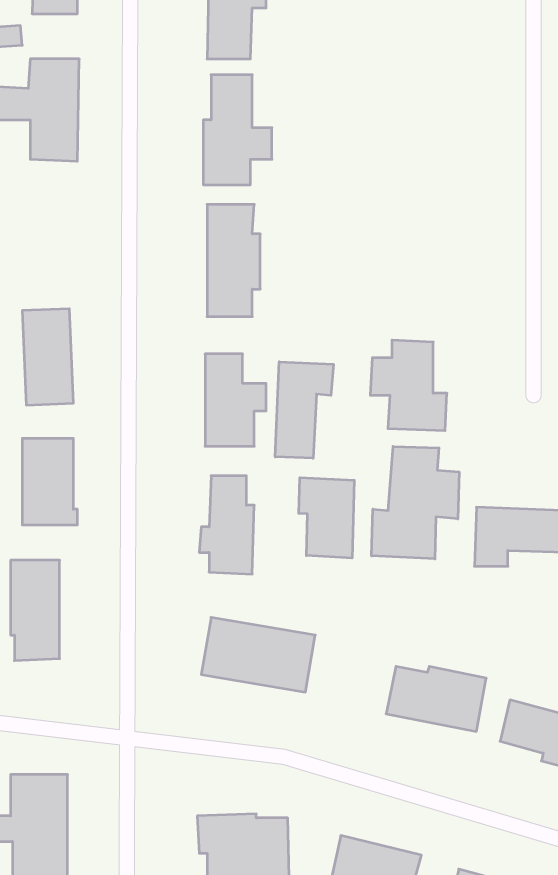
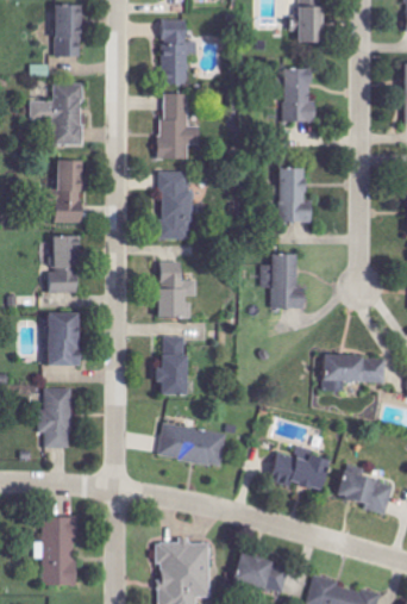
building: none -> [282,68,315,122]
building: none -> [45,160,82,223]
building: none -> [277,168,312,222]
building: [275,362,333,458] -> none
building: [372,446,459,559] -> none
building: [299,478,354,558] -> none

